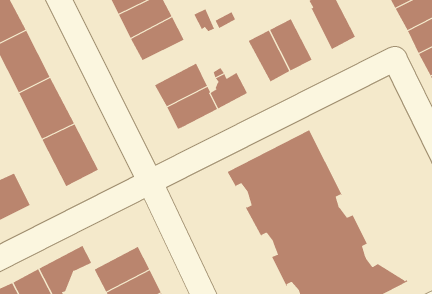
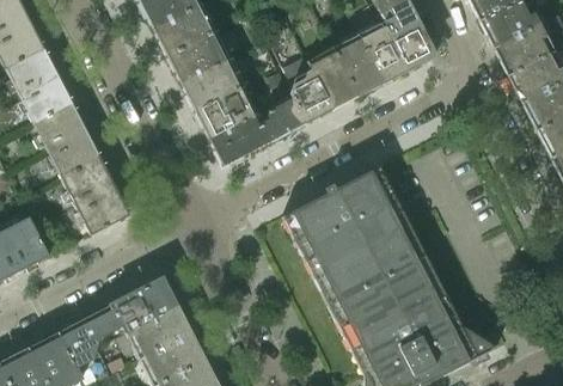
building: none -> [359,22,406,84]
building: none -> [284,55,333,123]
building: none -> [182,60,246,114]
building: none -> [111,278,177,332]

